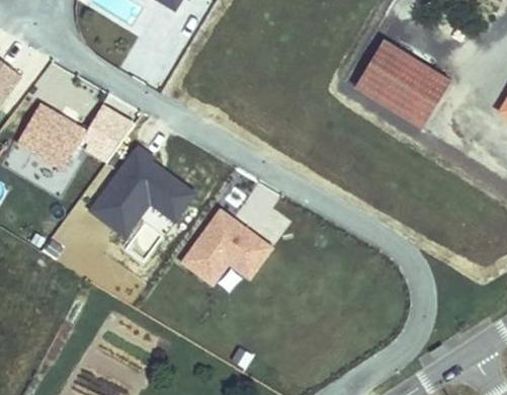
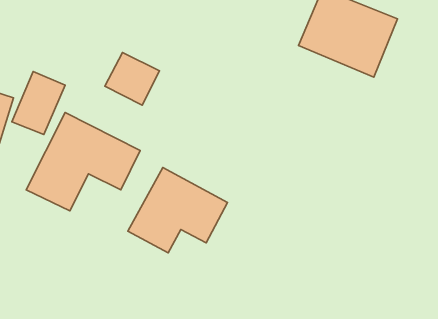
building: none -> [105,53,160,105]

